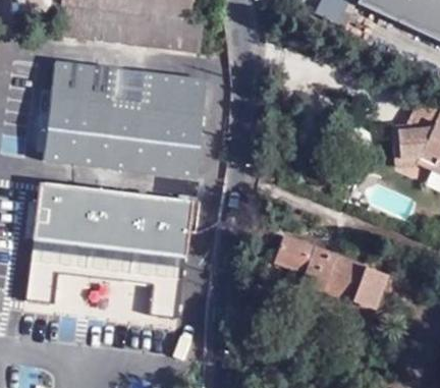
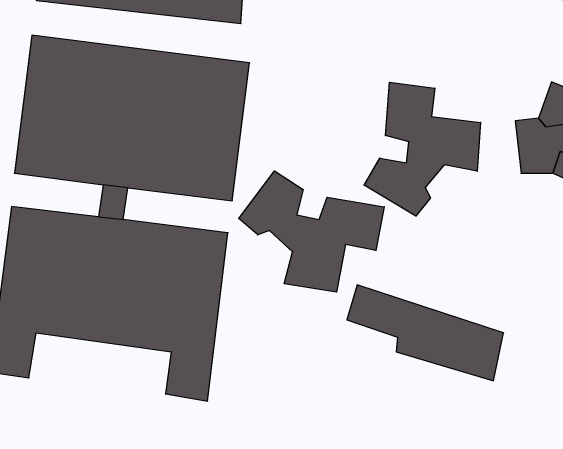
building: none -> [364,82,481,216]
building: none -> [239,171,384,292]

